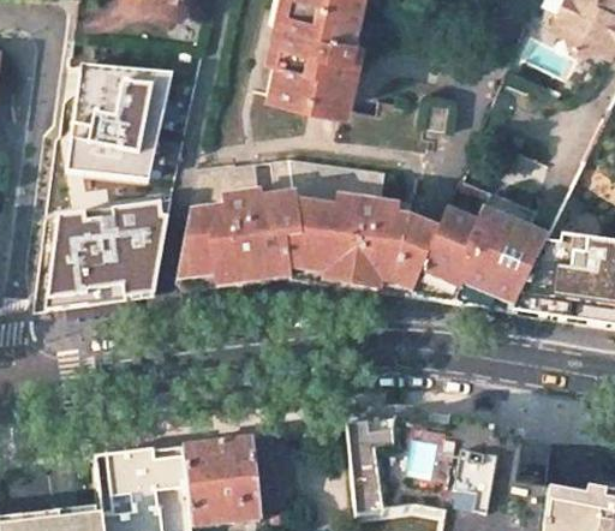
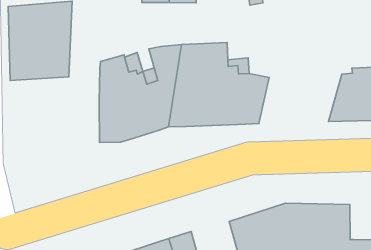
building: [410,178,547,311] -> none
building: [41,203,168,310] -> none

